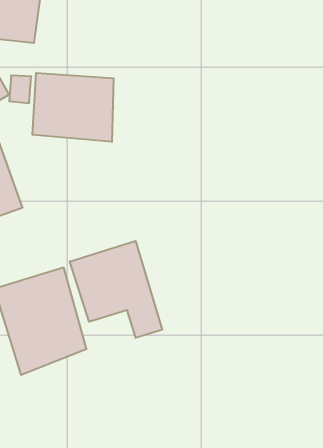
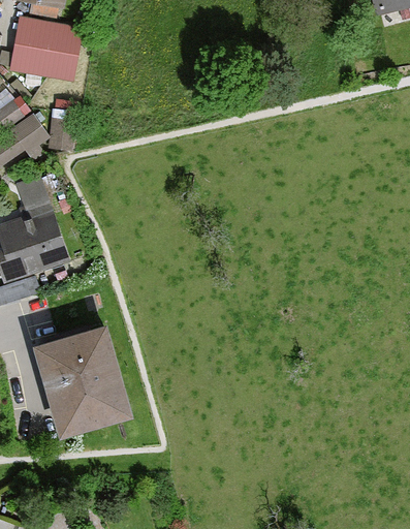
building: [32,73,114,142] -> none
building: [70,241,162,338] -> none

